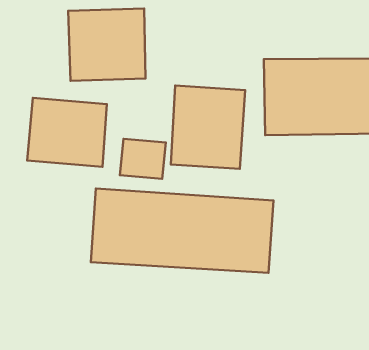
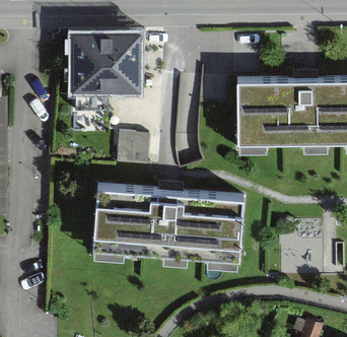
building: [171,86,245,169] -> none
building: [27,98,107,167] -> none

